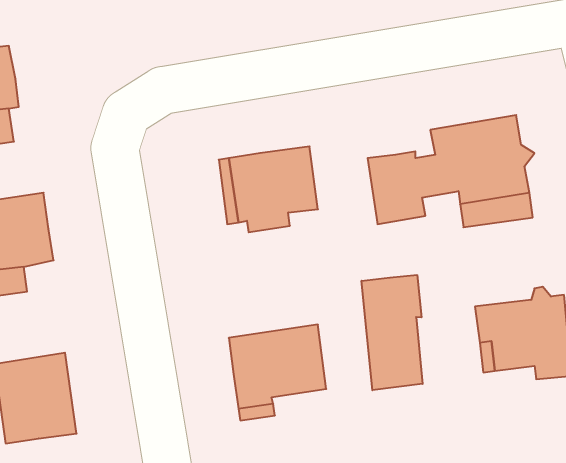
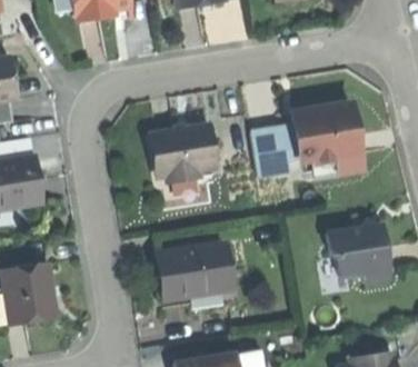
building: [362,275,423,390] -> none

